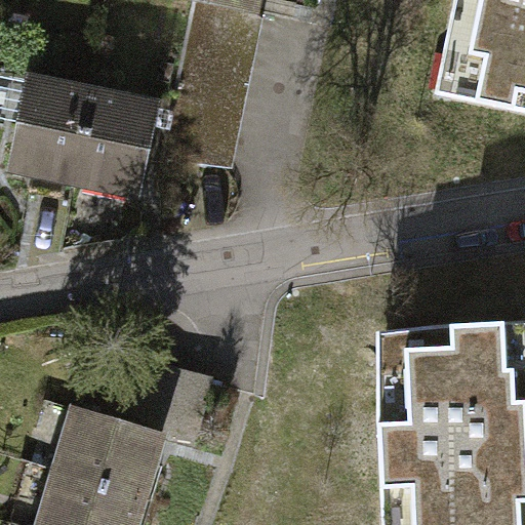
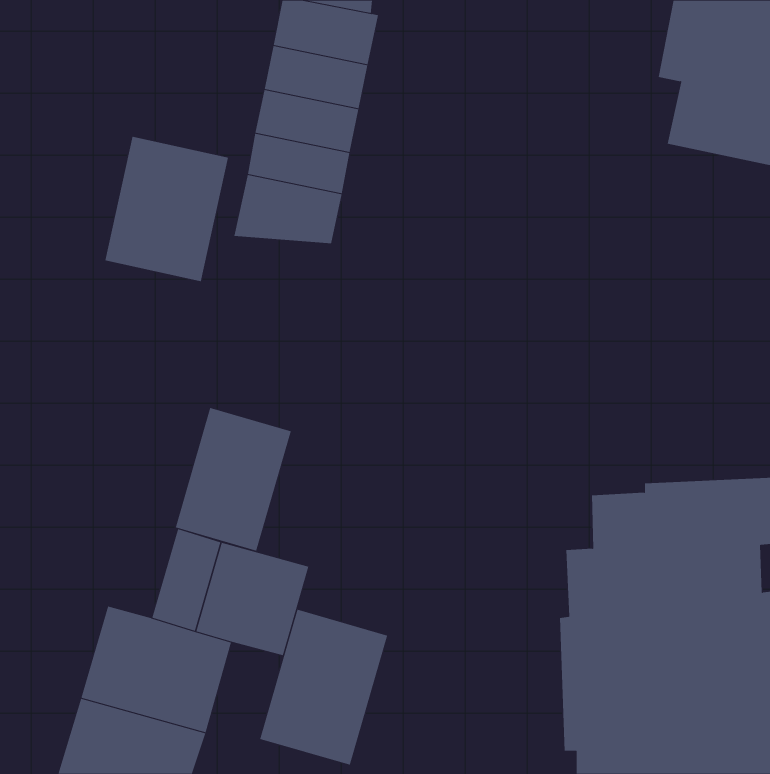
building: [10,79,92,176] -> none
building: none -> [175,407,291,552]
building: none -> [259,609,388,766]

